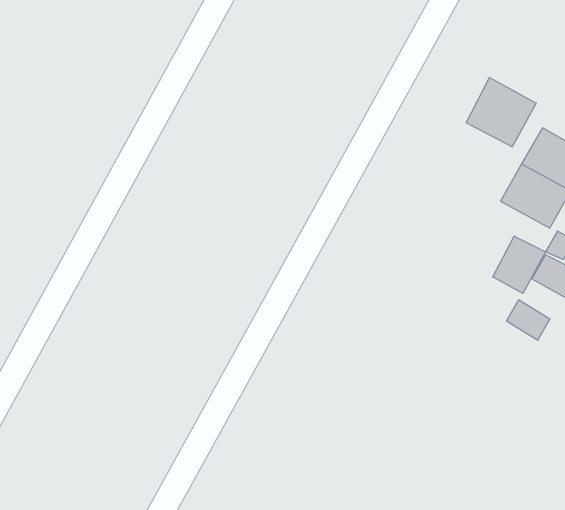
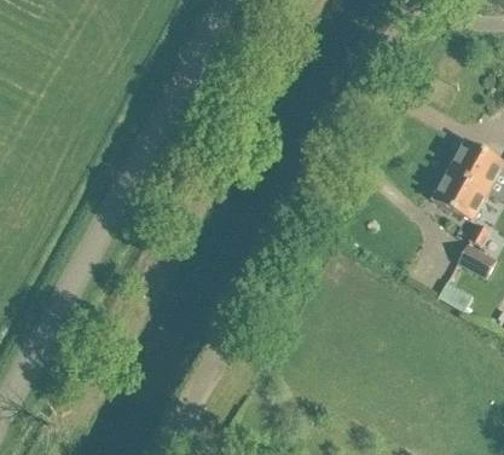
building: [466,78,536,147] -> none
building: [493,236,545,293] -> none

